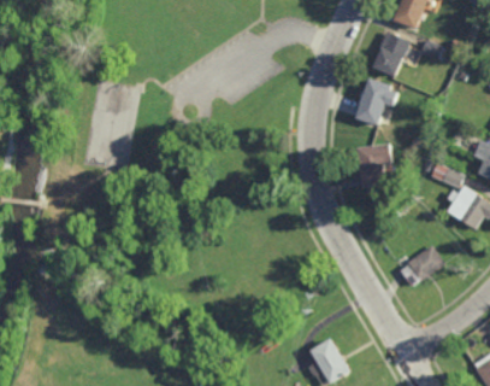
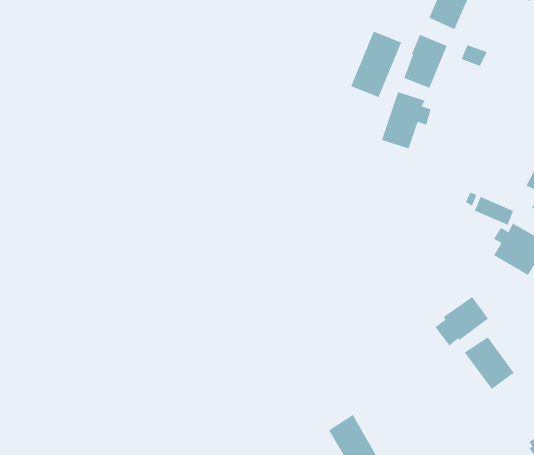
building: none -> [350,31,402,98]
building: [355,145,384,188] -> none
building: none -> [464,336,514,390]

